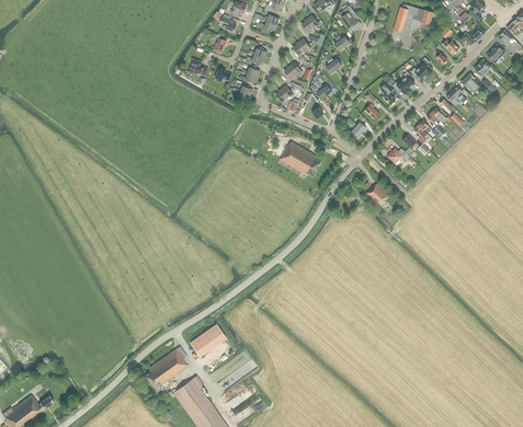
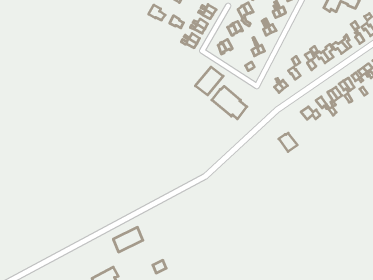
building: none -> [195,67,223,95]
building: [144,346,186,388] -> none

